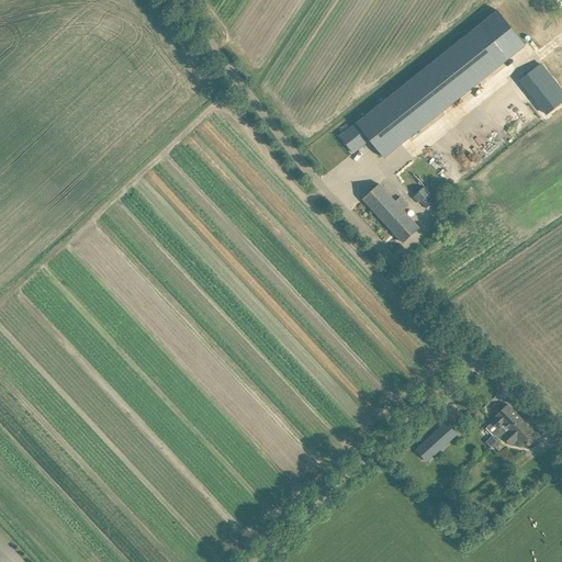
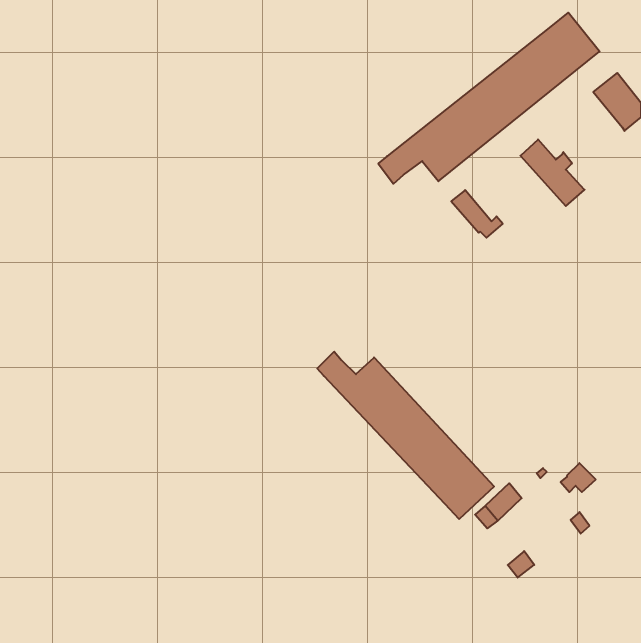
building: [362,184,418,243] -> [520,139,585,206]
building: none -> [317,352,494,519]
building: [502,418,533,446] -> none

